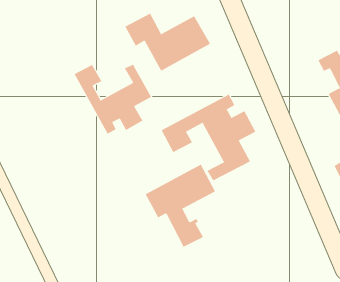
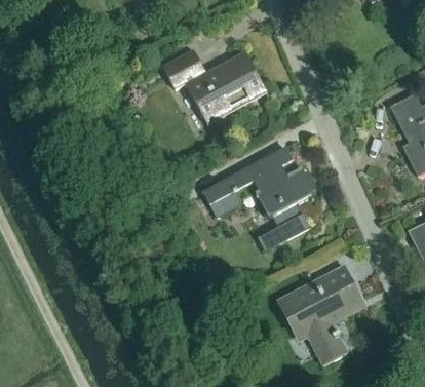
building: [74,64,152,135] -> none
building: [145,164,216,248] -> [278,265,362,364]

